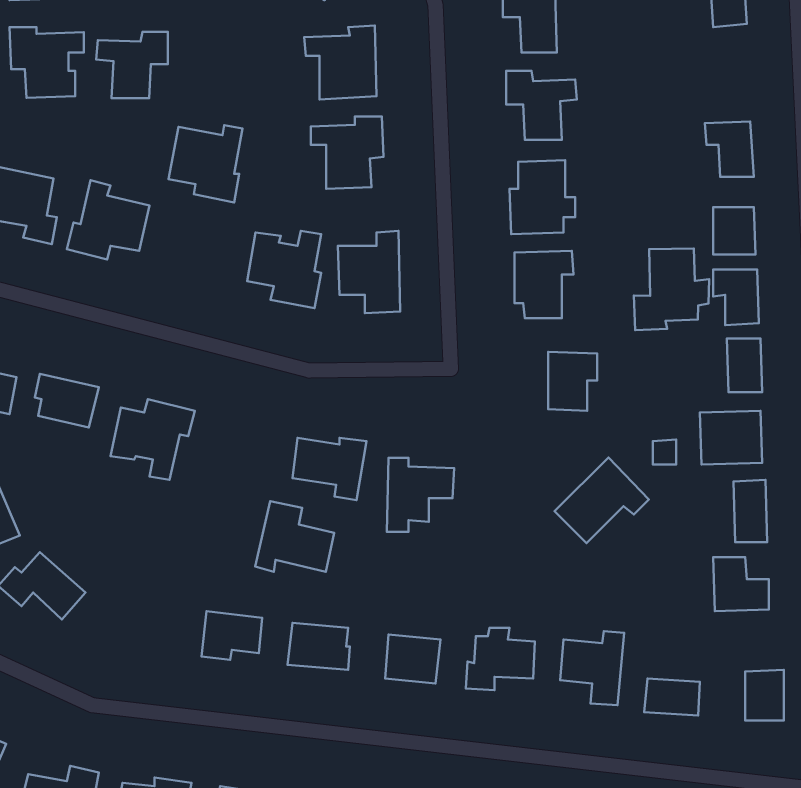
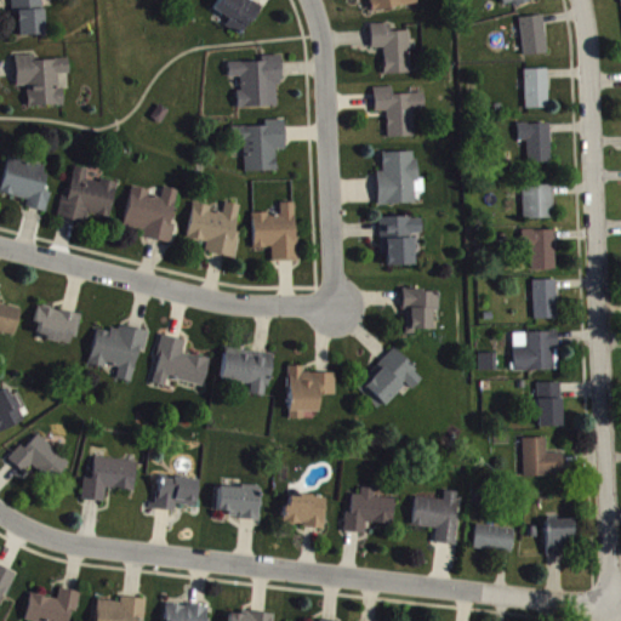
building: [96,32,168,98] -> none
building: none -> [523,68,548,108]
building: [169,125,243,203] -> [123,187,176,243]
building: [634,248,709,330] -> none
building: [555,457,649,543] -> [354,347,422,409]
building: [255,501,334,572] -> [150,335,207,386]
building: none -> [80,457,135,501]

